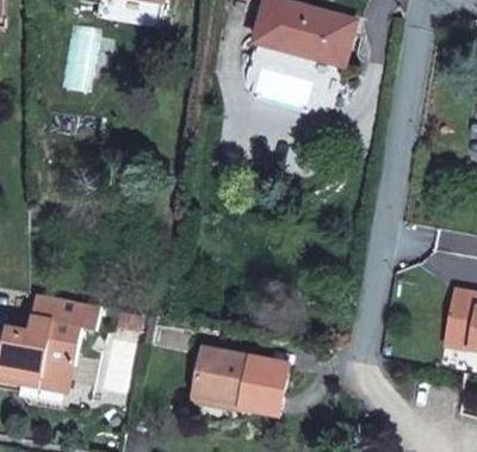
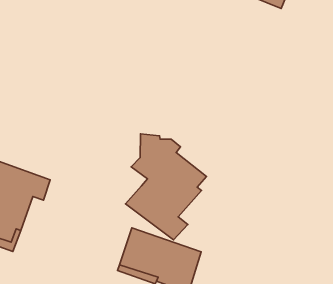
building: none -> [125,134,206,240]

